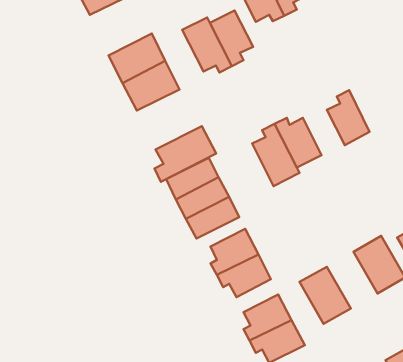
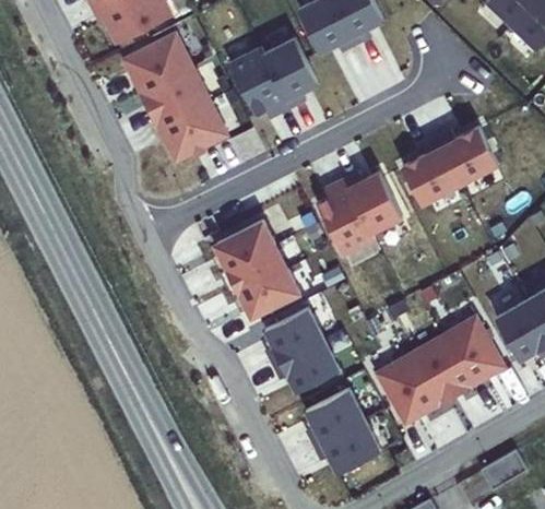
building: none -> [122,34,193,95]
building: none -> [436,130,493,189]
building: [154,126,216,182] -> none
building: none -> [408,336,471,406]

